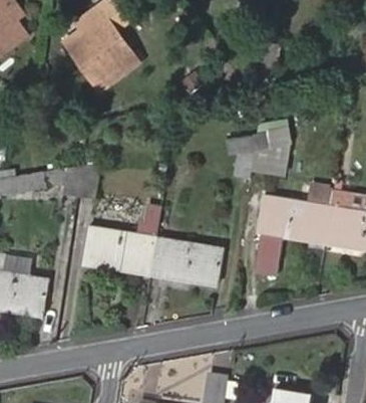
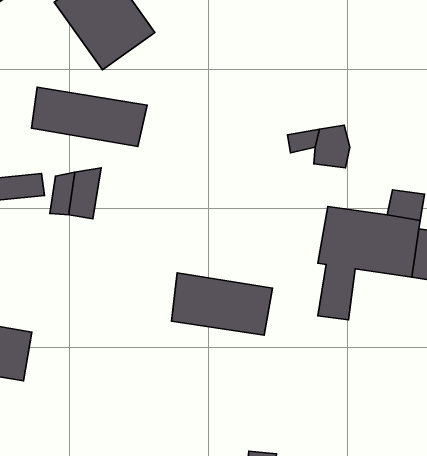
building: none -> [32,87,147,146]
building: [80,229,154,273] -> none

